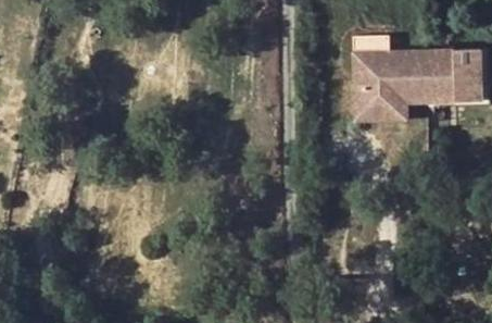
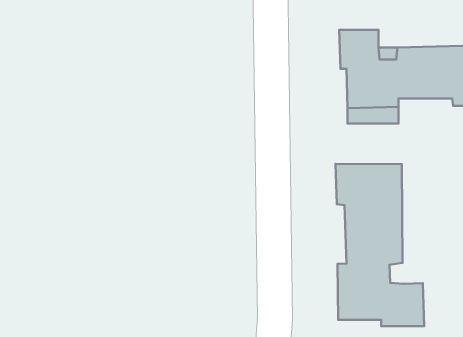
building: none -> [335,164,424,326]

